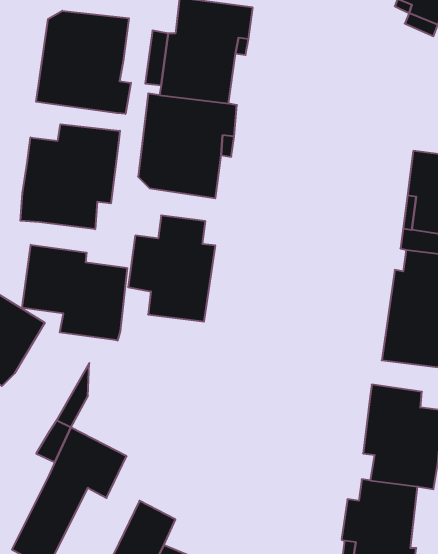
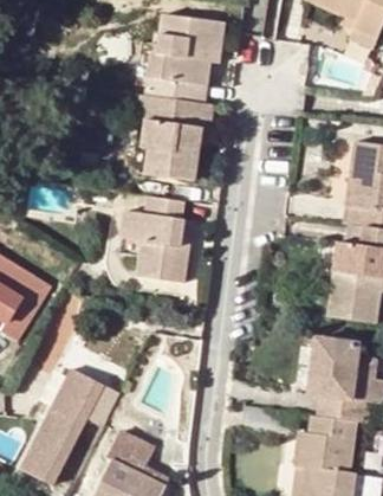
building: [36,11,131,114] -> none
building: [20,124,120,229] -> none
building: [22,245,127,341] -> none

